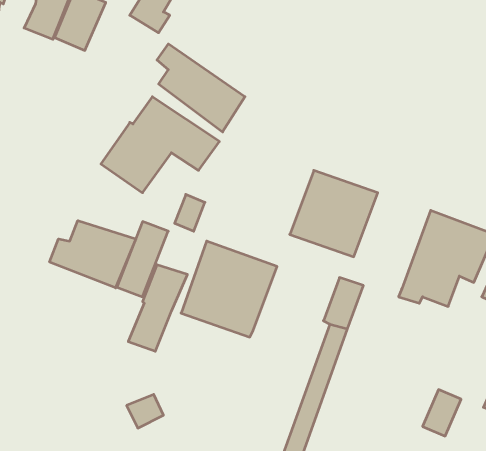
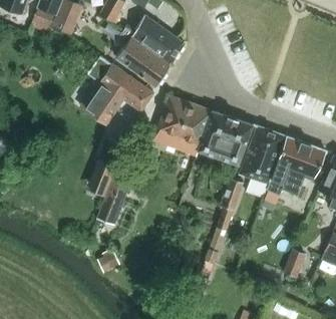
building: none -> [132,15,185,65]
building: none -> [241,126,287,186]
building: [50,221,136,288] -> none
building: [181,241,277,337] -> [153,95,214,155]

